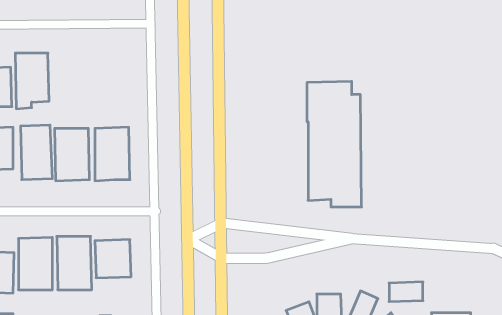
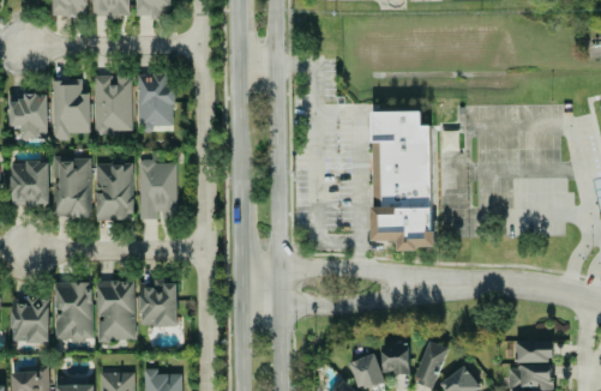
building: none -> [92,74,132,133]
building: none -> [137,76,172,132]
building: [389,282,423,302] -> [515,341,552,362]

